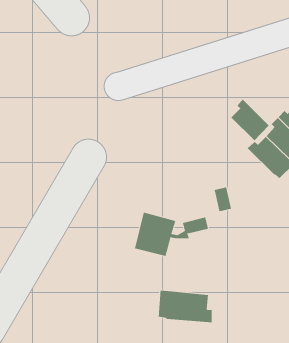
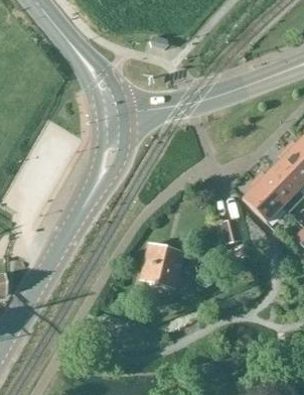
building: [231,99,269,141] -> [244,178,283,222]
building: [158,290,212,323] -> none

